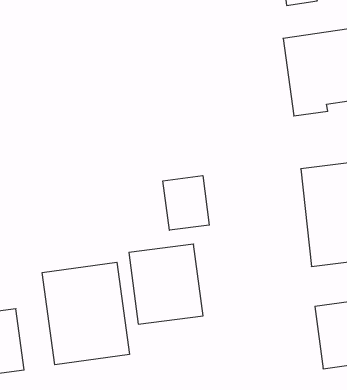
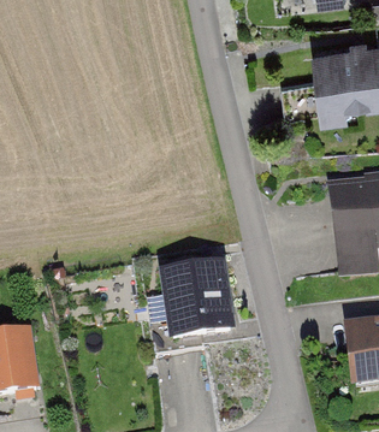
building: [163,176,209,230] -> none
building: [42,262,129,365] -> none

